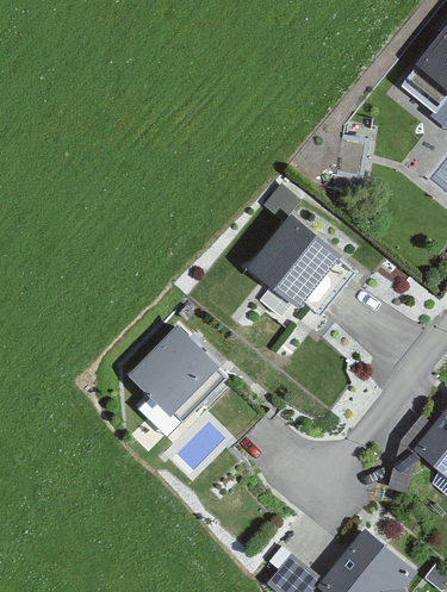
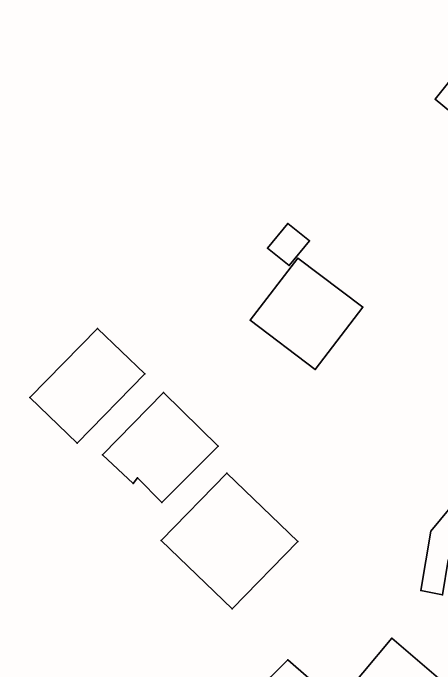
building: none -> [30,328,145,443]
building: none -> [161,473,298,609]

